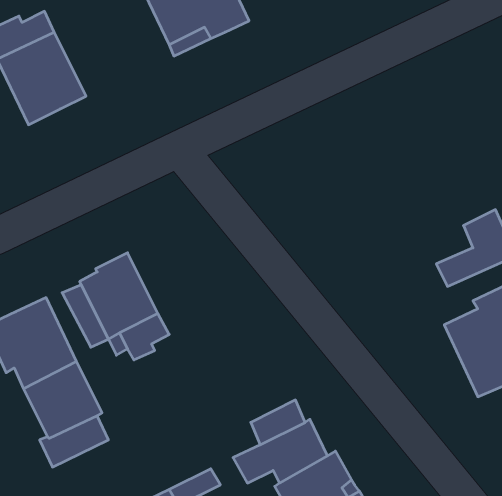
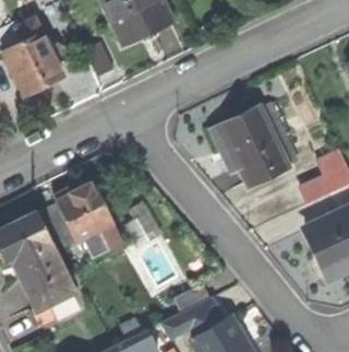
building: none -> [218,107,290,187]

